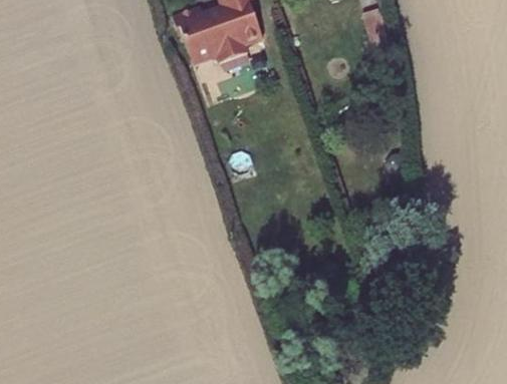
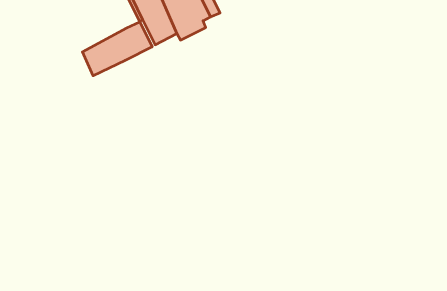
building: none -> [82,22,152,76]

